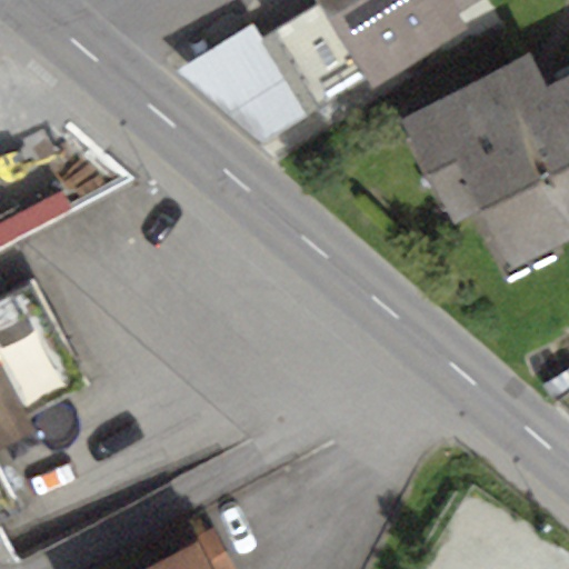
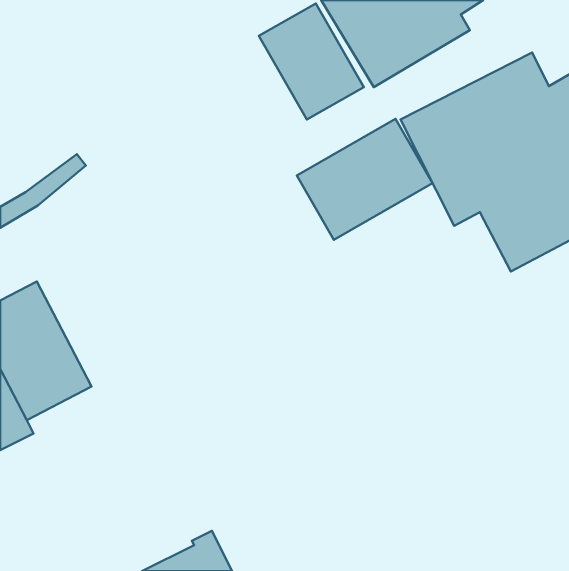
building: [174,21,307,146] -> none
building: none -> [297,119,433,240]

